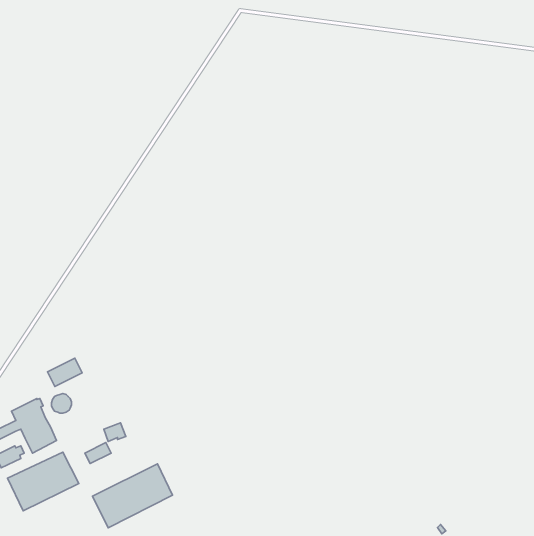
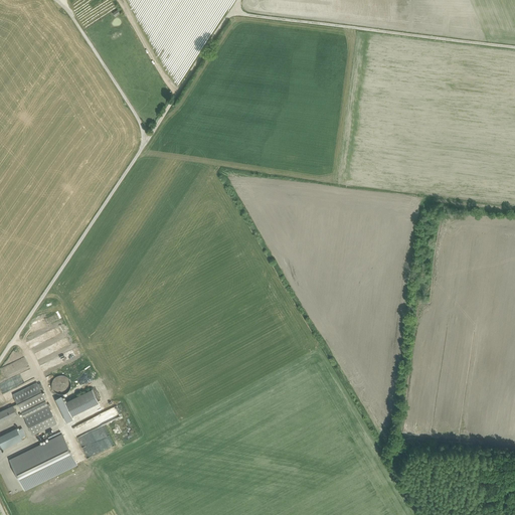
building: [48,358,82,386] -> [63,388,97,415]
building: [92,464,173,528] -> none

